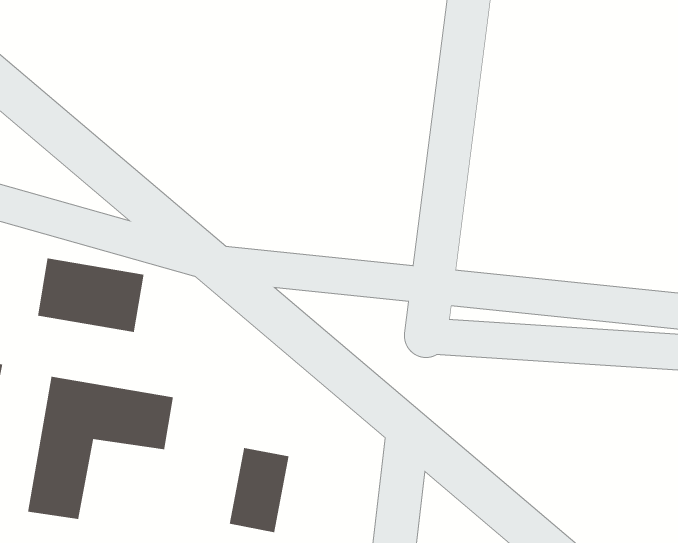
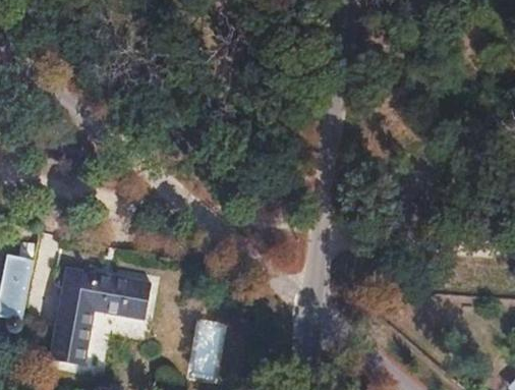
building: [37,258,144,333] -> none

